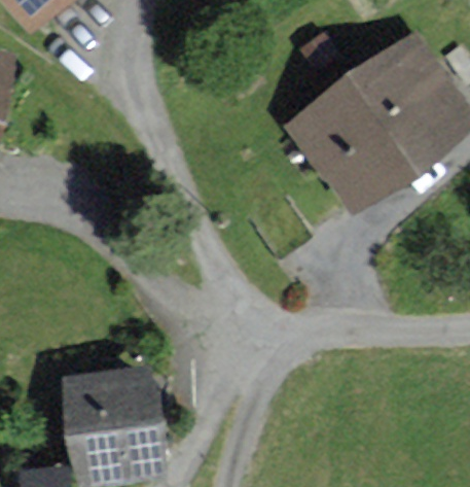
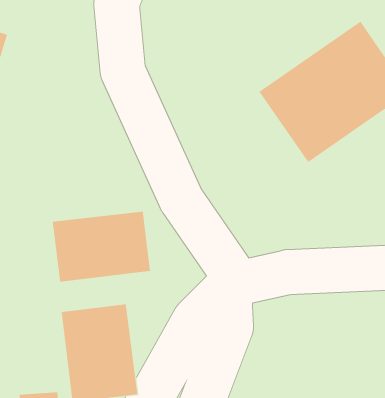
building: none -> [52,211,150,283]

